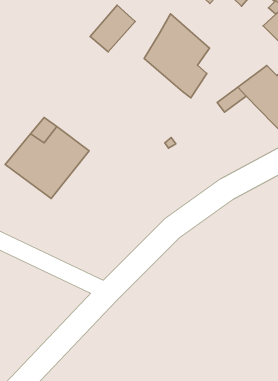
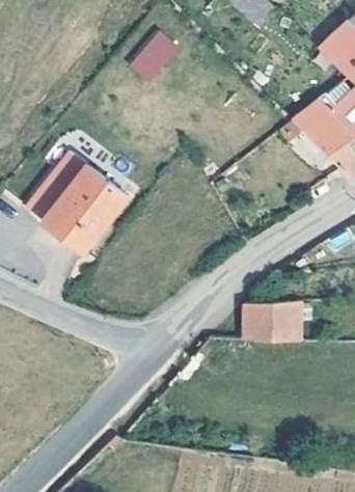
building: [144,14,209,98] -> none
building: none -> [246,298,304,339]

